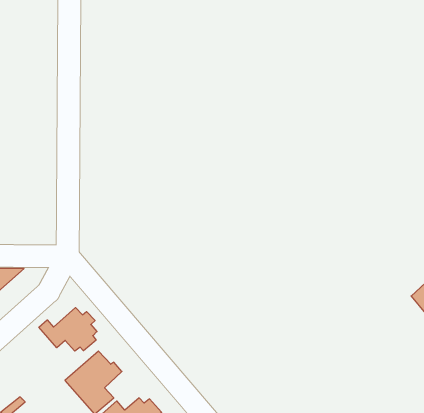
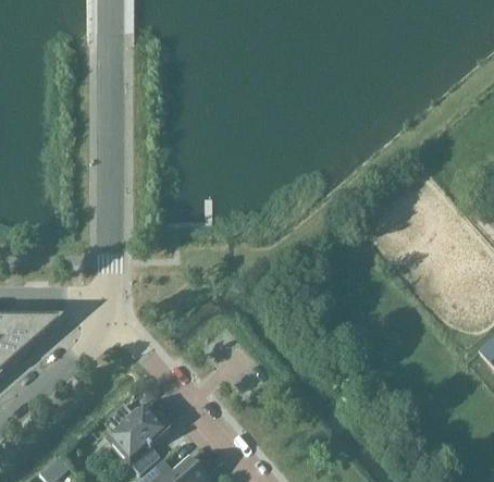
building: [39,308,97,351] -> none

